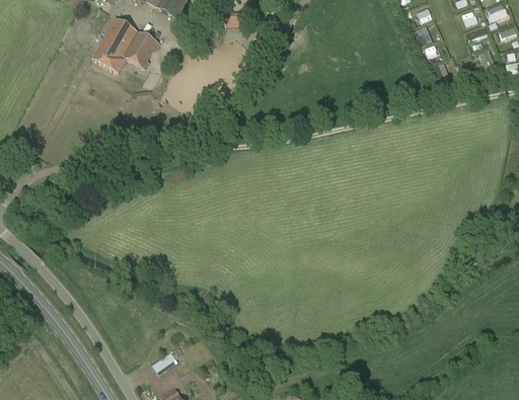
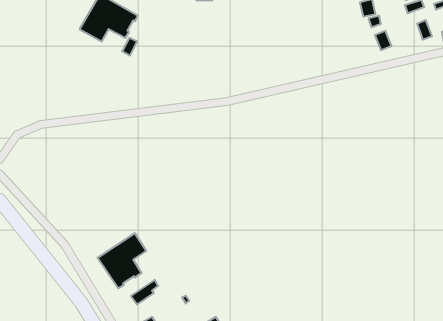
building: none -> [97,233,146,288]

